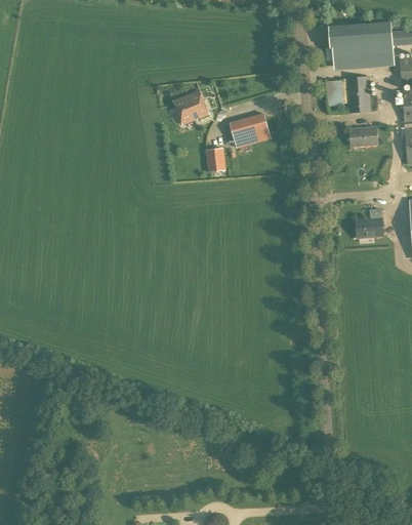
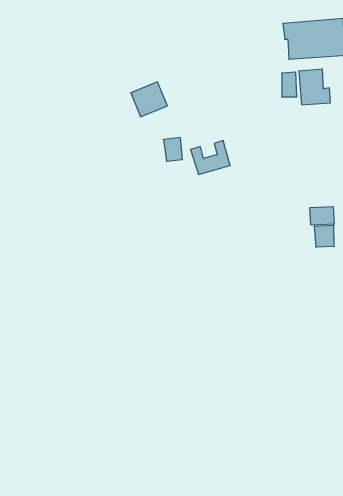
building: [230,113,271,148] -> [190,141,230,174]
building: [349,127,378,146] -> none
building: none -> [314,225,334,247]

